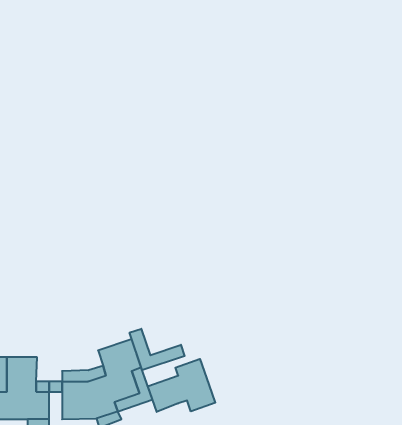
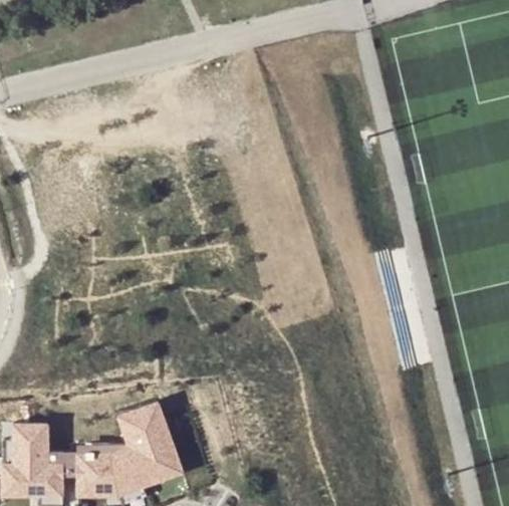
building: [130,329,185,370] -> none
building: [148,359,215,412] -> none

